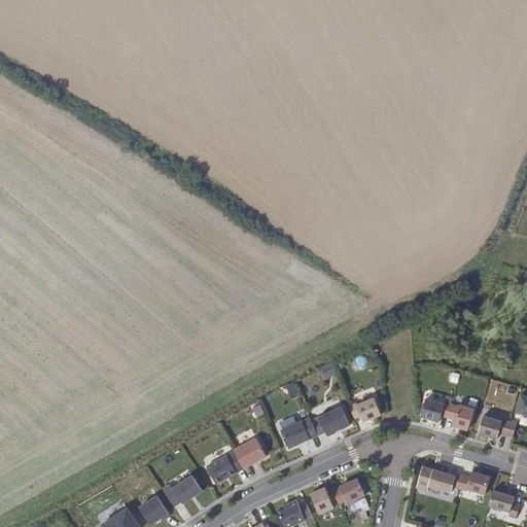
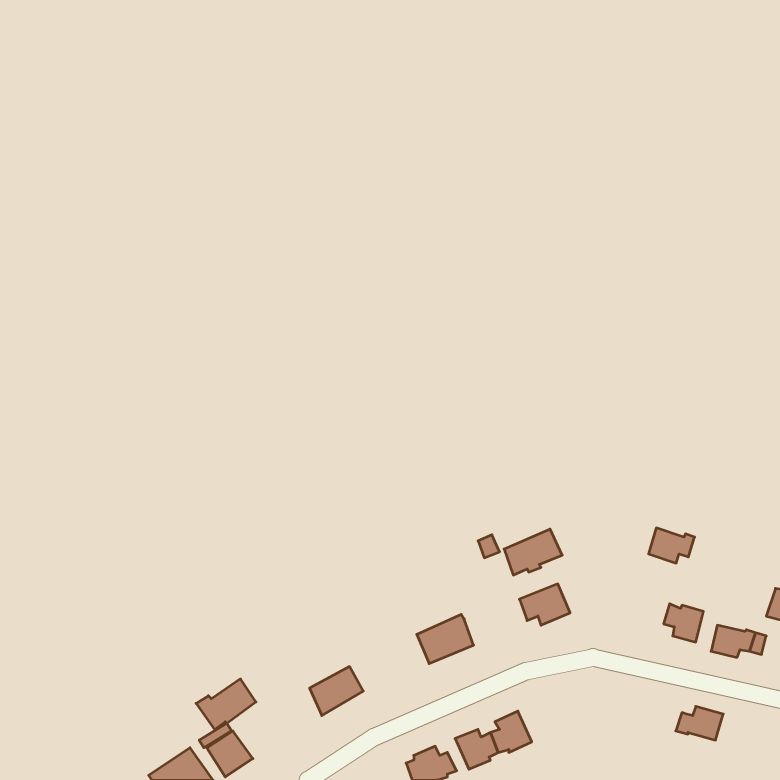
building: [421,399,452,423] -> [649,528,695,563]
building: [314,402,353,433] -> [504,529,562,575]
building: [237,433,270,466] -> none
building: [165,470,205,504] -> [196,679,256,729]
building: [426,472,460,495] -> none
building: [487,493,515,520] -> none

